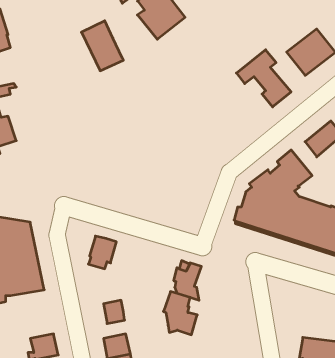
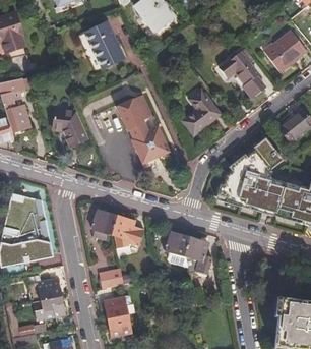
building: none -> [186,88,222,131]
building: none -> [116,93,171,167]
building: none -> [54,111,89,147]
building: none -> [111,215,143,245]
building: [163,292,197,335] -> [184,236,213,274]
building: none -> [28,274,61,299]

